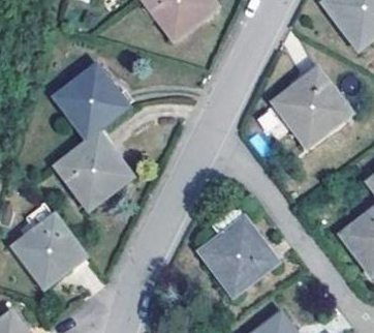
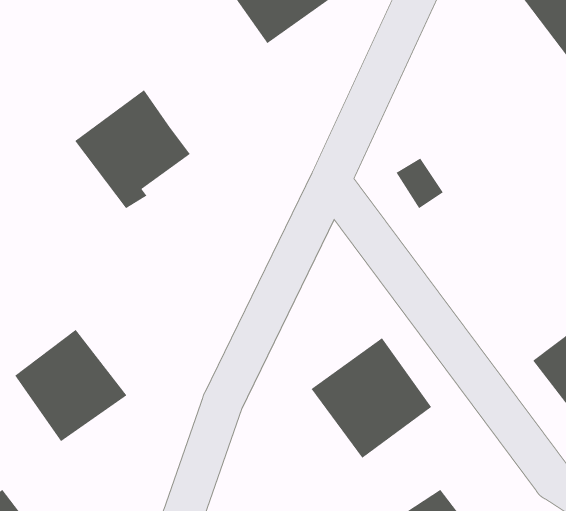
building: [274,69,350,145] -> none
building: [58,131,132,207] -> none

